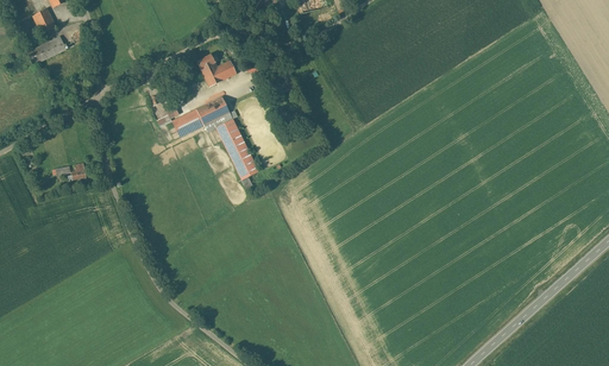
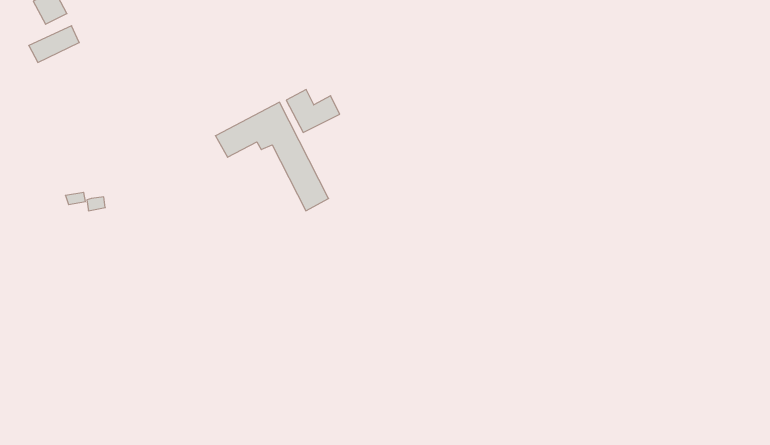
building: [194,53,236,87] -> [286,90,340,132]

